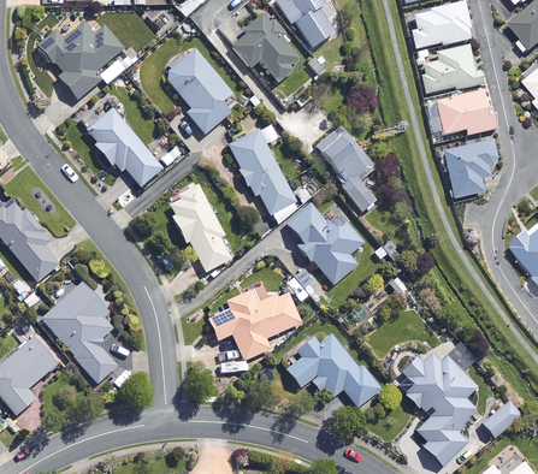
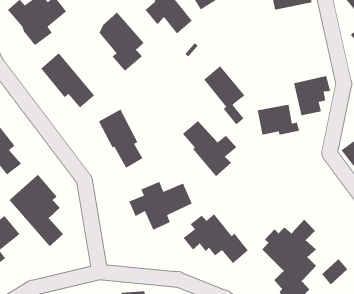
building: [420,45,485,93] -> none
building: [436,90,497,135] -> [257,104,300,135]
building: [229,130,300,218] -> none

